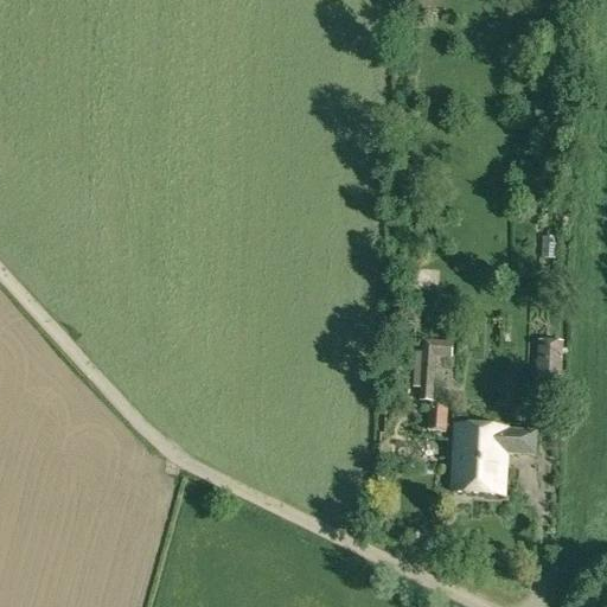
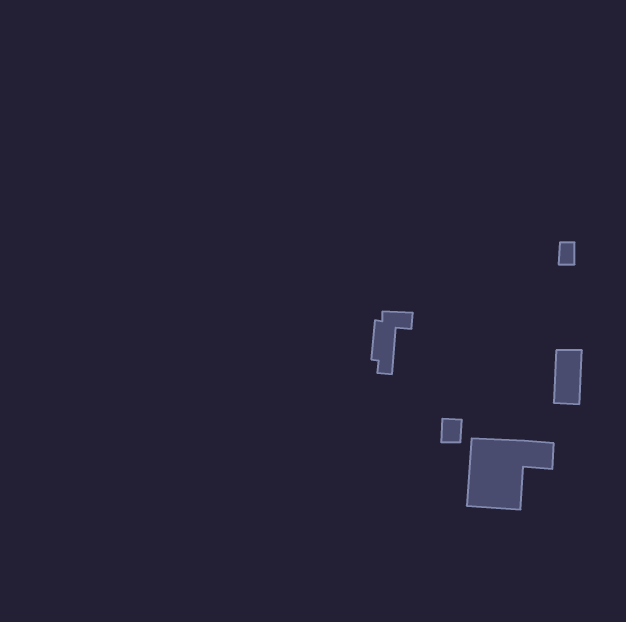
building: [413,339,453,400] -> [371,312,413,374]

